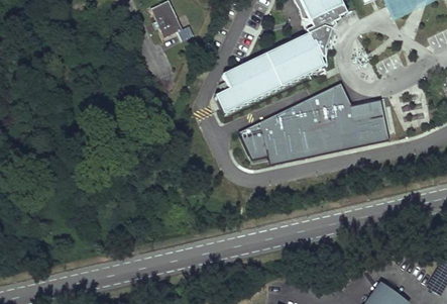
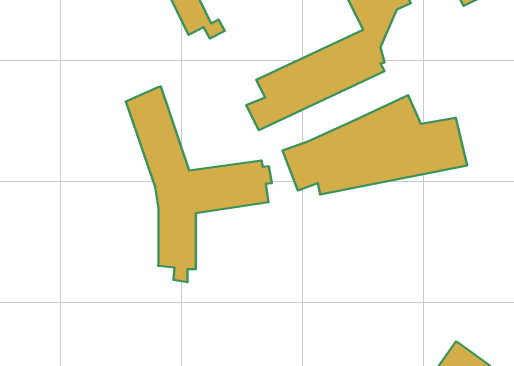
building: none -> [126,87,272,282]

